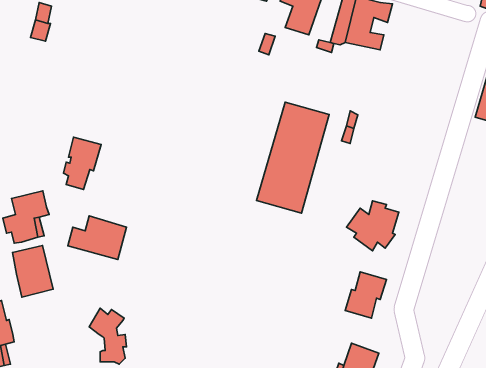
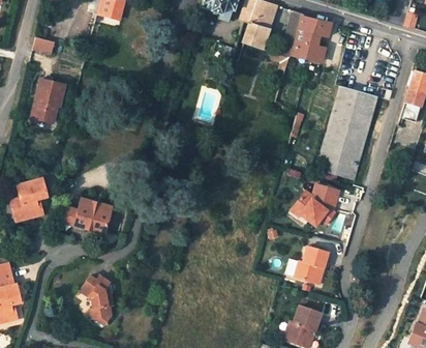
building: [257,102,329,213] -> [317,86,377,178]
building: [64,137,101,190] -> [34,80,65,123]
building: [12,246,53,297] -> none

